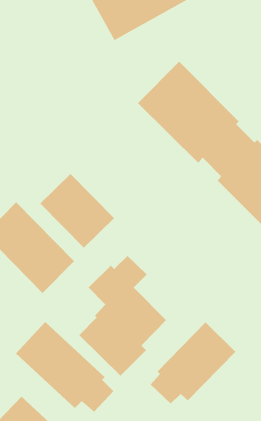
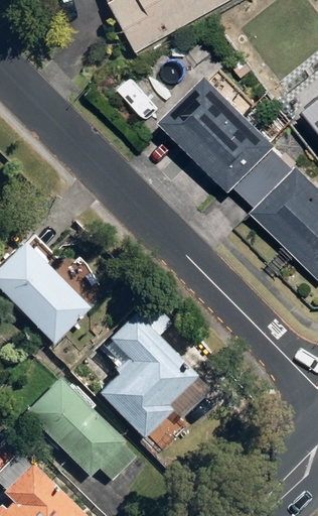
building: [40,173,115,248] -> none
building: [150,321,236,404] -> none

